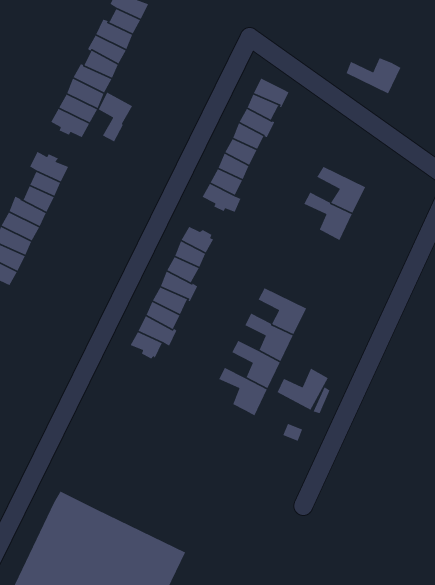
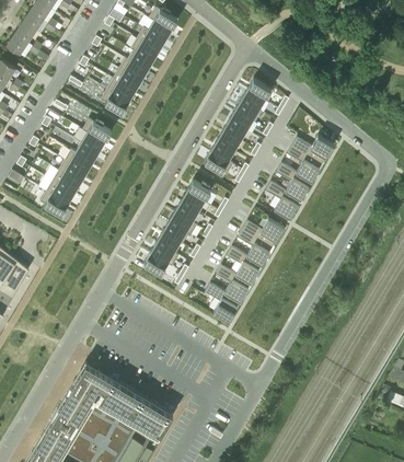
building: [345,57,402,95] -> [292,136,333,163]
building: [97,91,133,142] -> none
building: none -> [265,182,300,219]
building: none -> [243,219,284,246]
building: [277,368,329,411] -> none

